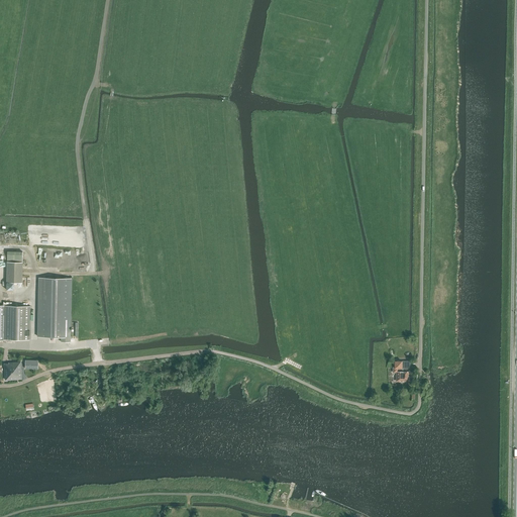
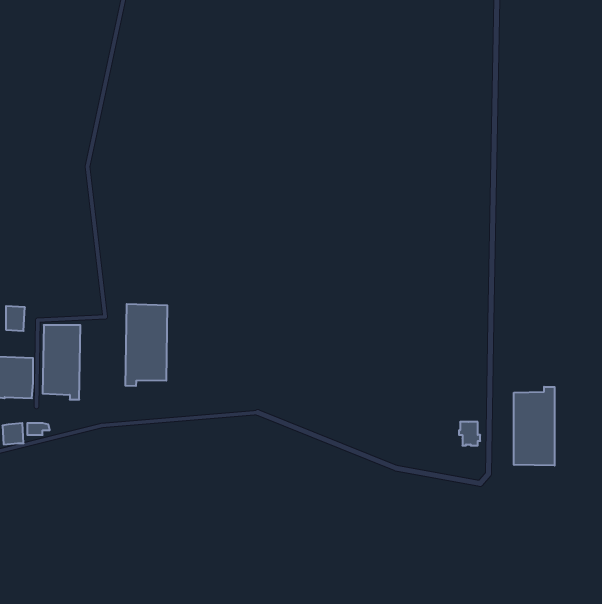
building: none -> [125,304,167,386]
building: none -> [514,387,555,466]

